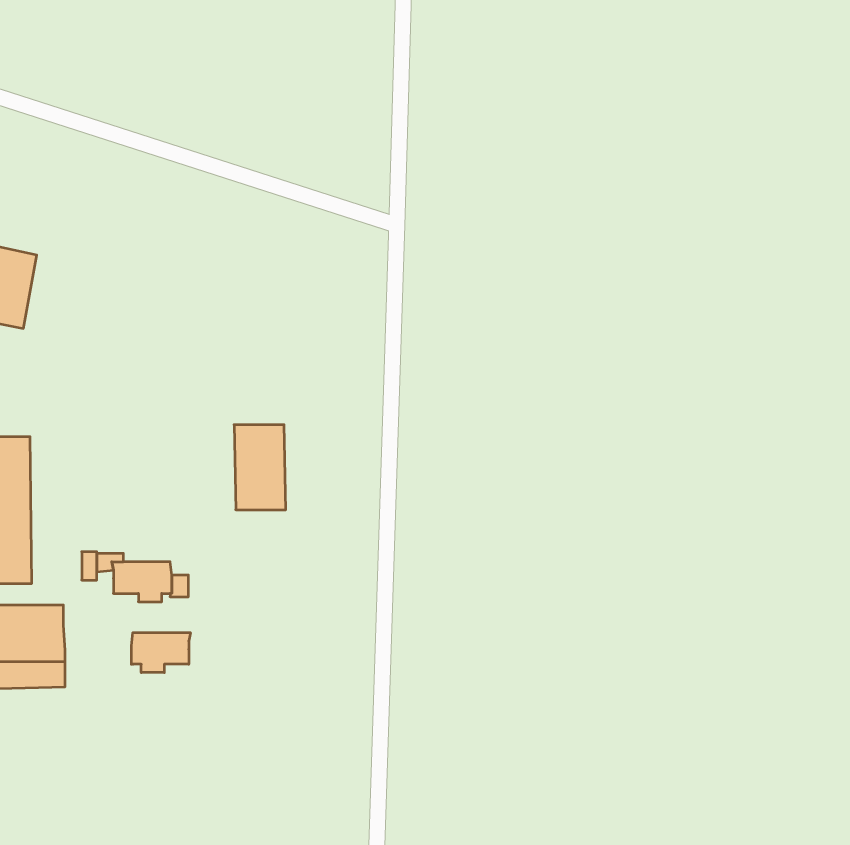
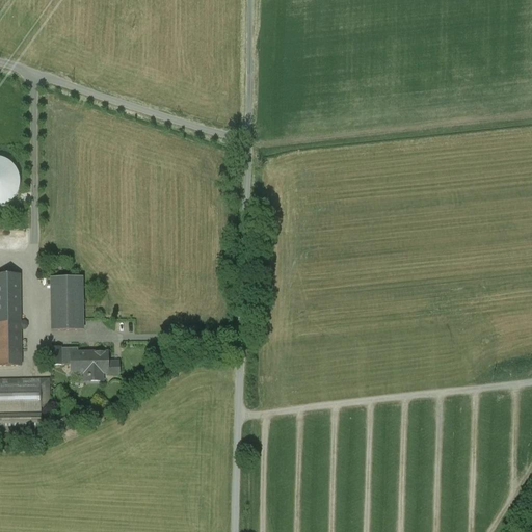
building: [234,425,286,510] -> [50,275,82,328]
building: [131,633,190,673] -> none

